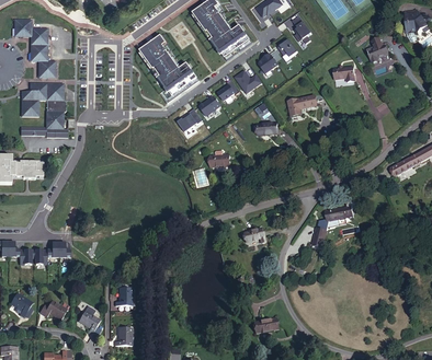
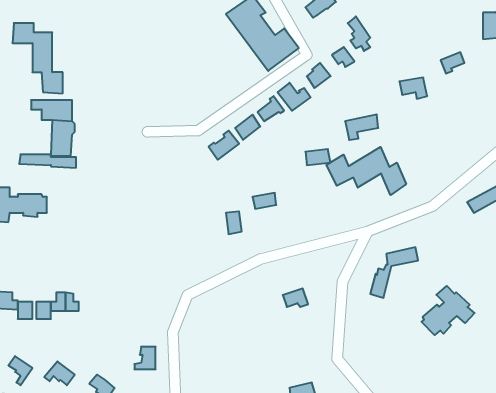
building: [138,34,198,103] -> none
building: [22,92,38,118] -> none
building: none -> [326,147,406,195]
building: none -> [422,286,475,335]

